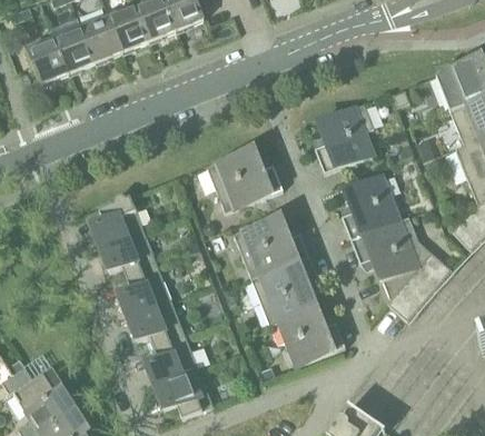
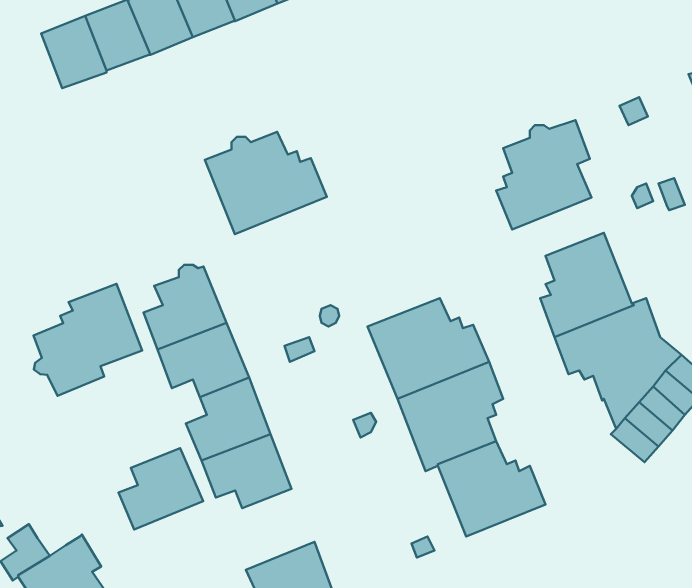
building: [206,147,283,211] -> [205,132,327,234]
building: none -> [33,284,142,396]
building: [146,335,199,386] -> [118,448,203,529]

